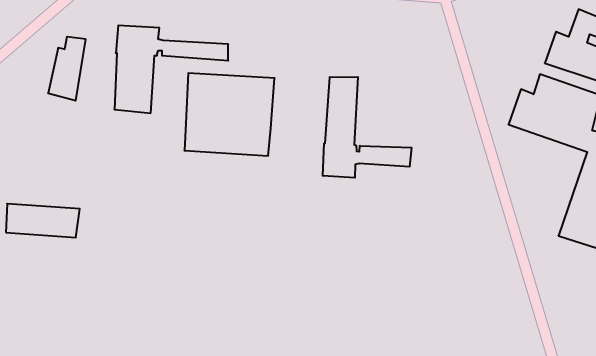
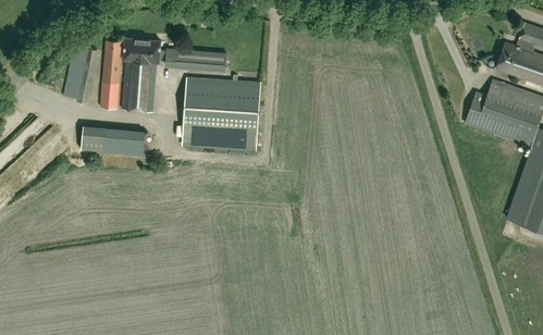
building: none -> [101,39,123,108]
building: [323,77,411,178] -> none
building: [6,204,80,237] -> [82,125,146,154]

